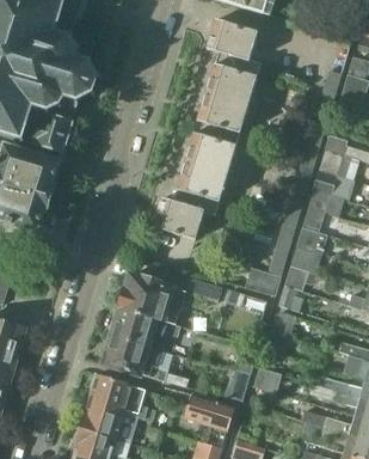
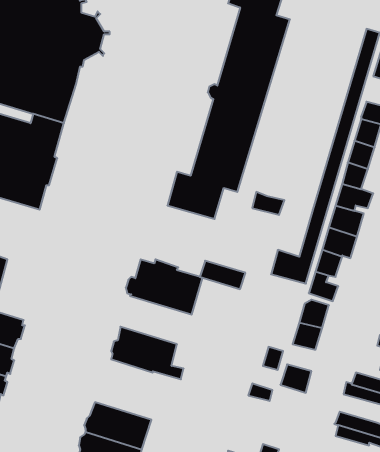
building: [111,306,180,349] -> none
building: [88,373,155,421] -> none
building: [185,391,234,430] -> none

